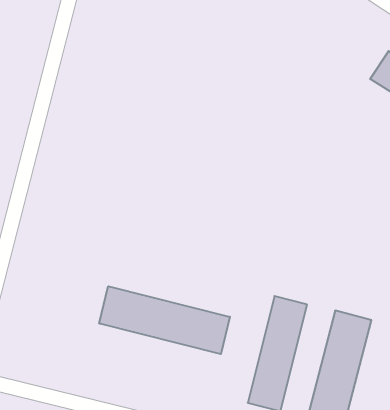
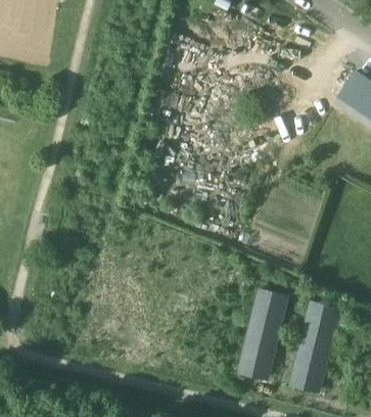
building: [99,286,230,354] -> none

